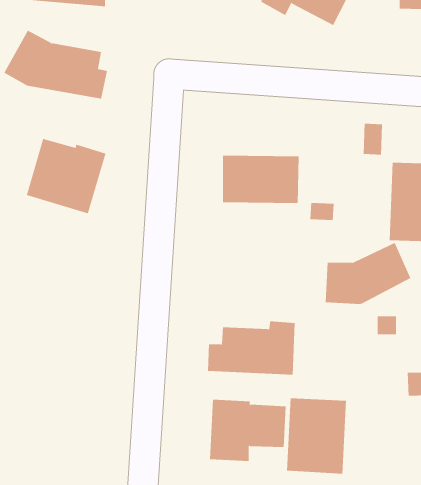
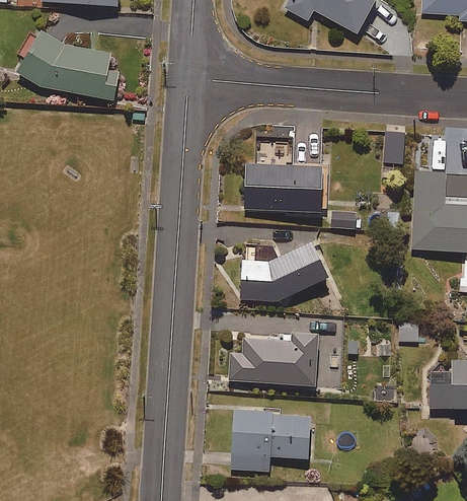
building: [26,138,106,214] -> none
building: [325,242,411,304] -> [240,239,327,302]
building: [286,398,347,475] -> none

